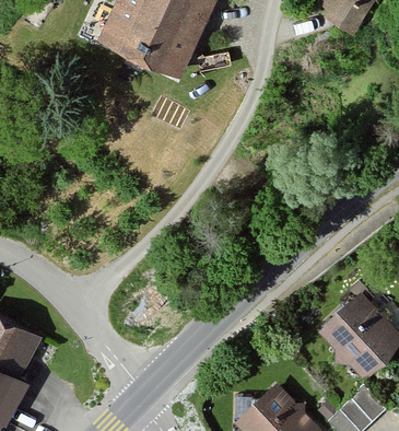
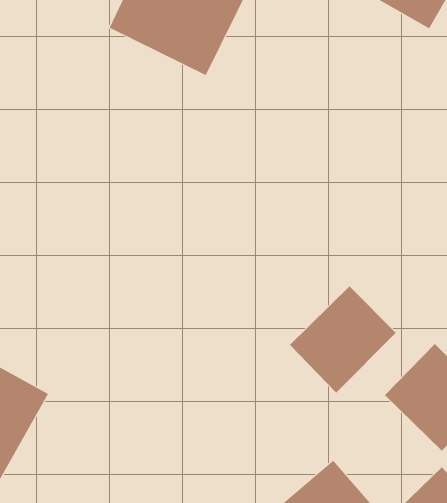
building: none -> [289,286,397,393]

